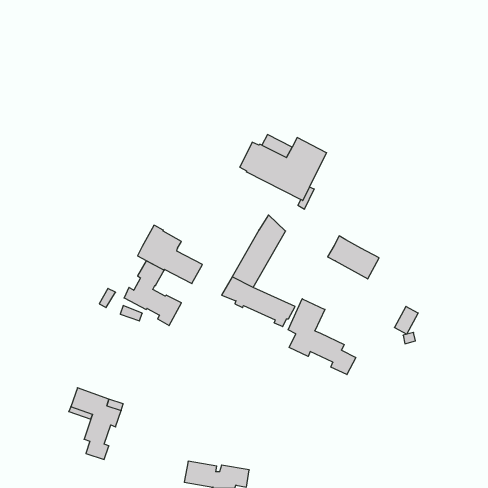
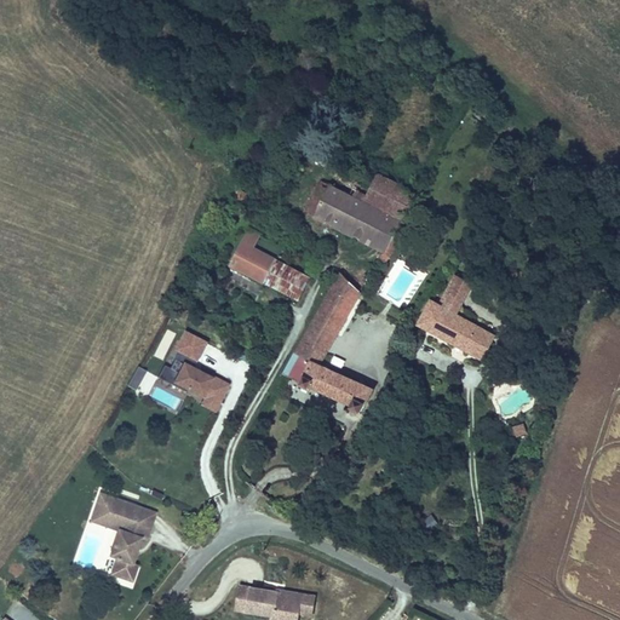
building: none -> [438,274,475,315]
building: [138,225,202,284] -> [229,228,311,302]
building: [288,299,356,375] -> none
building: [394,306,418,334] -> [466,327,496,362]

